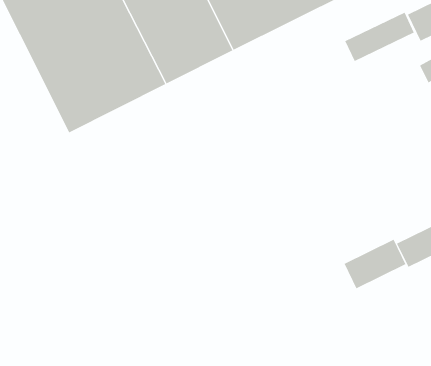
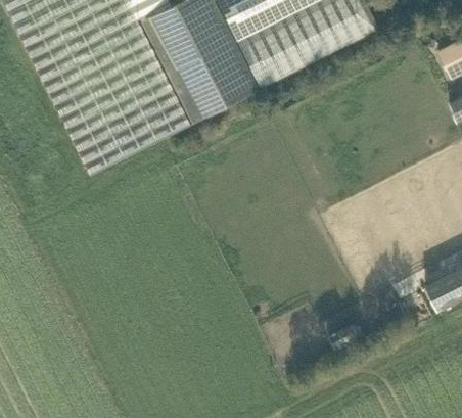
building: [345,12,415,62] -> none
building: [344,239,406,289] -> none

